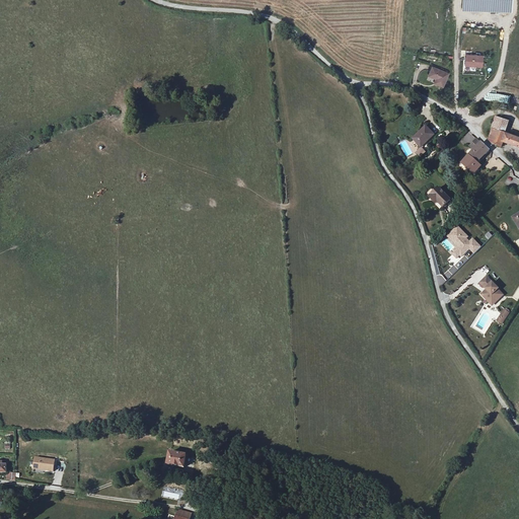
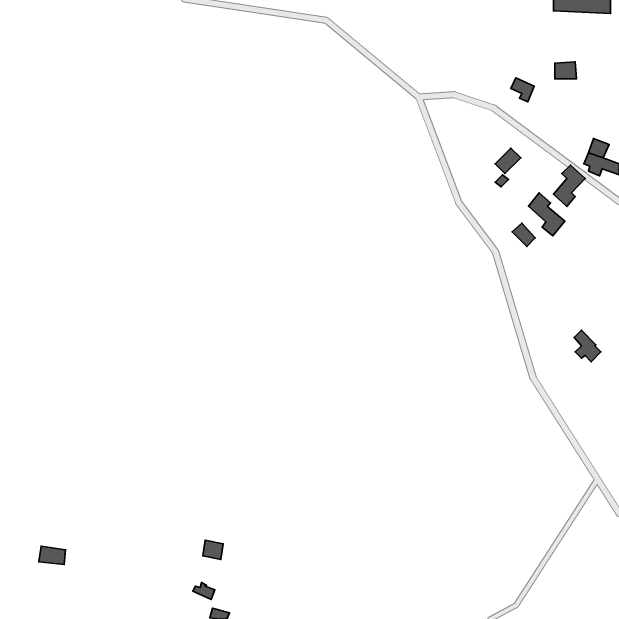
building: none -> [528,193,565,236]
building: [445,224,478,257] -> none

